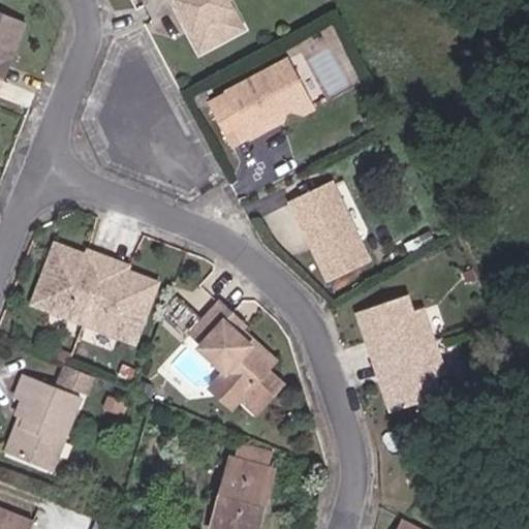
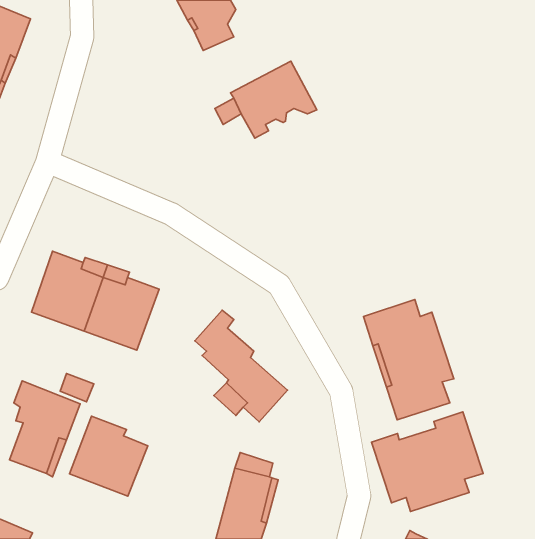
building: [291,183,366,276] -> none
building: none -> [371,412,483,512]
building: none -> [70,416,148,496]

